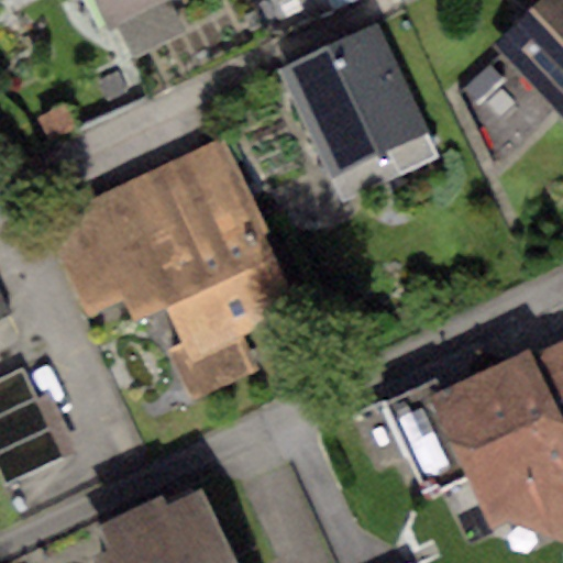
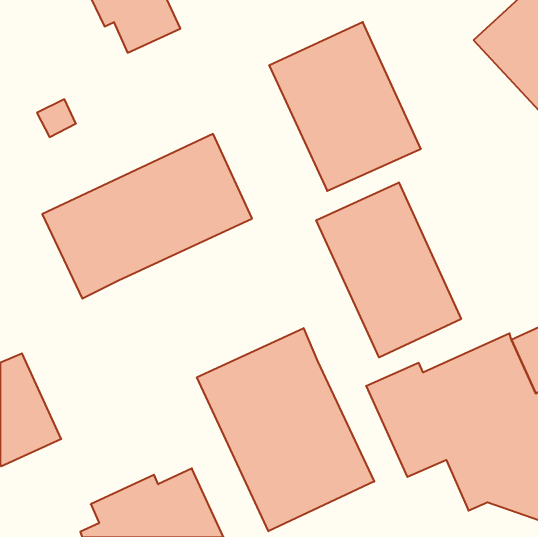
building: none -> [316,182,461,357]
building: [124,228,301,395] -> none
building: none -> [197,328,374,531]

